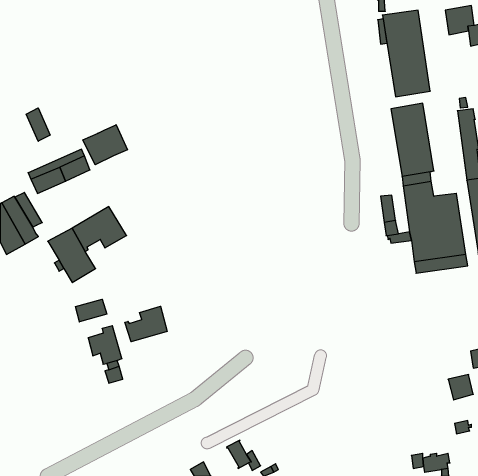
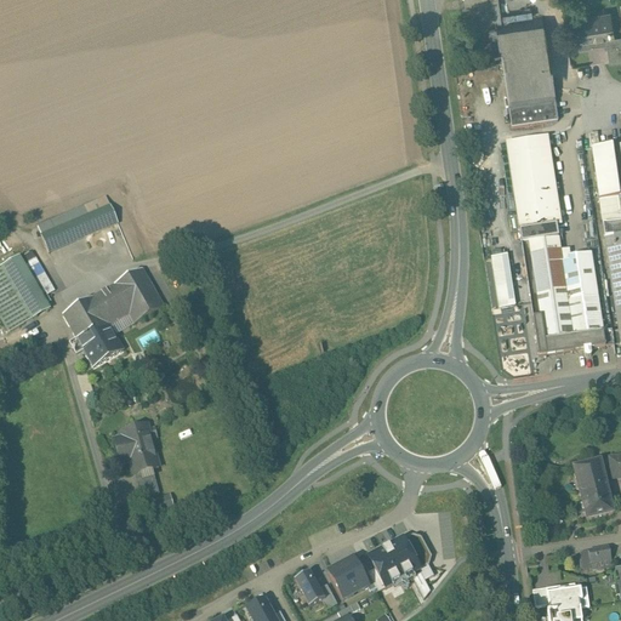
building: [26,108,50,141] -> none
building: [83,125,127,165] -> none
building: [76,299,107,322] -> none
building: [125,306,167,342] -> none
building: none -> [574,457,608,490]
building: none -> [370,536,420,586]
building: none -> [329,558,369,597]

